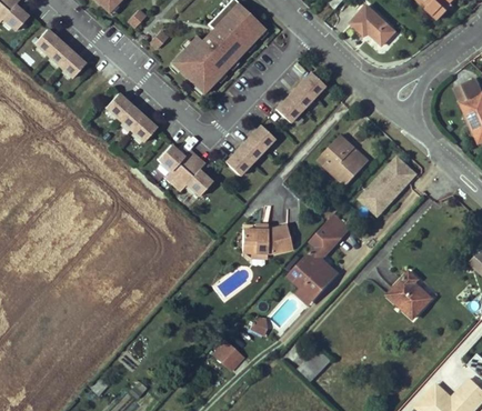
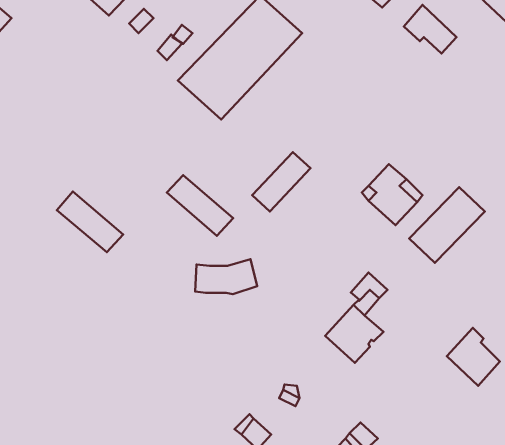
building: [32,29,87,79] -> none
building: [278,72,325,120] -> none
building: [104,93,159,143] -> [57,191,123,252]
building: [240,224,291,253] -> [195,259,257,294]

